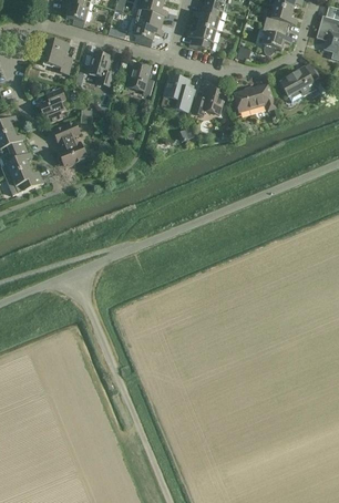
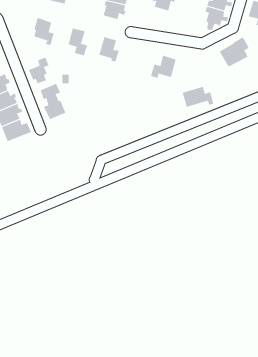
building: [187,24,217,51] -> none
building: [163,74,195,112] -> none
building: [234,85,275,112] -> [182,86,214,107]

